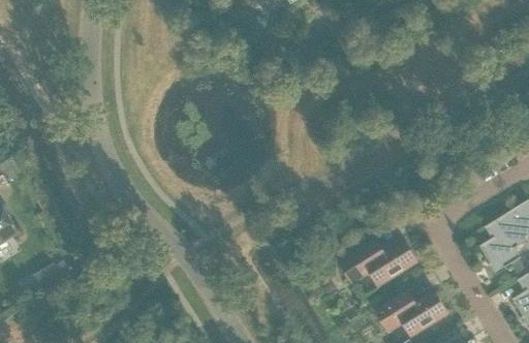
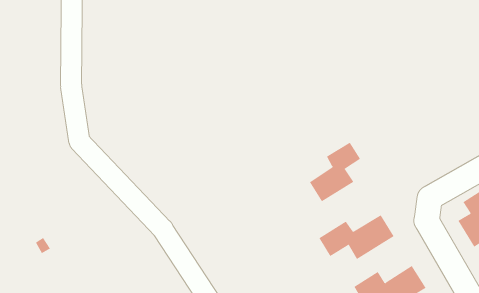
building: none -> [309,142,361,202]

